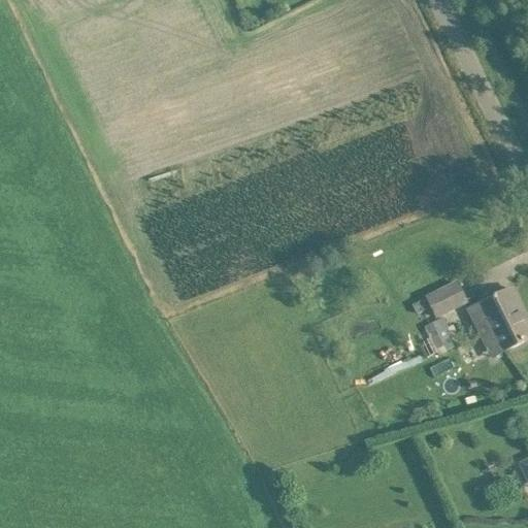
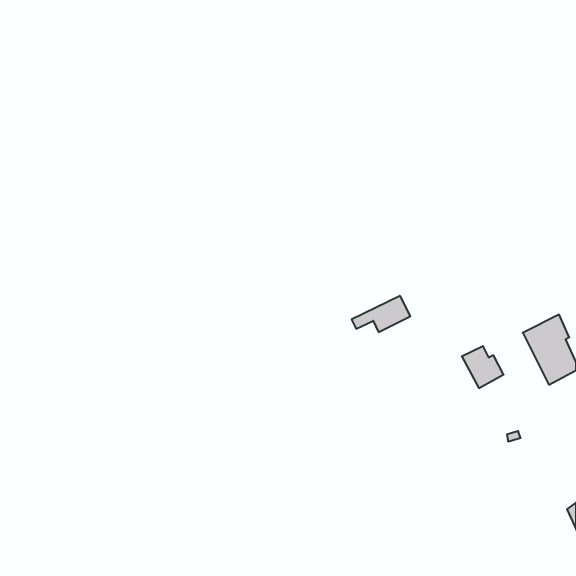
building: [409,283,463,316] -> [352,296,410,332]

